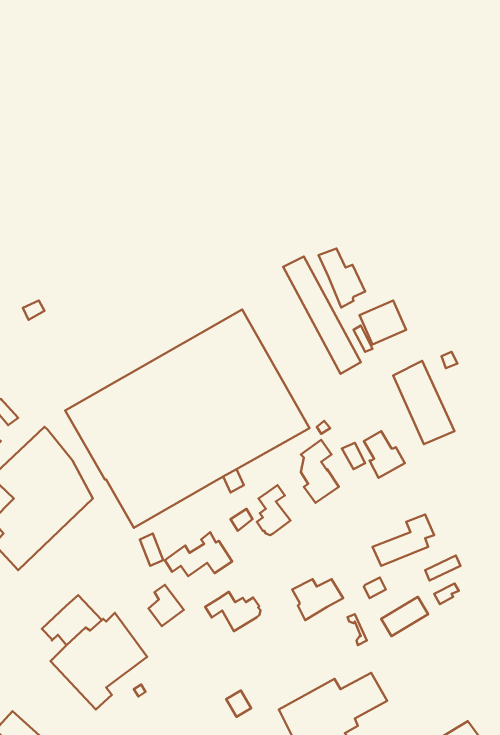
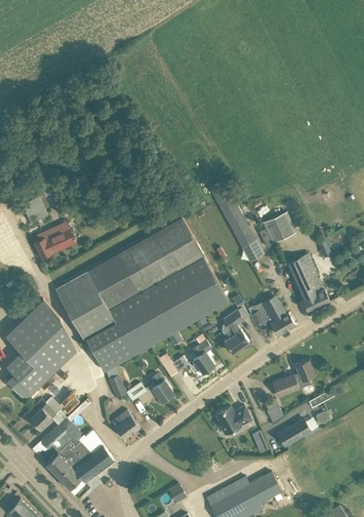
building: [319,248,365,308] -> none
building: none -> [33,223,76,258]
building: none -> [30,398,62,430]
building: [205,592,261,631] -> none

